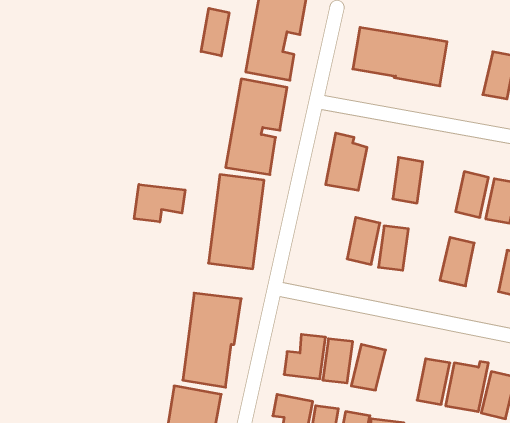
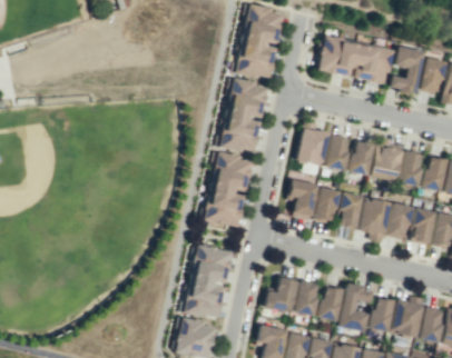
building: [201,8,229,56] -> none
building: none -> [391,47,425,95]
building: none -> [326,136,352,171]
building: none -> [373,137,403,181]
building: [134,184,185,222] -> none
building: none -> [291,181,318,218]
building: none -> [360,198,392,242]
building: none -> [412,208,438,245]
building: none -> [340,285,374,331]

